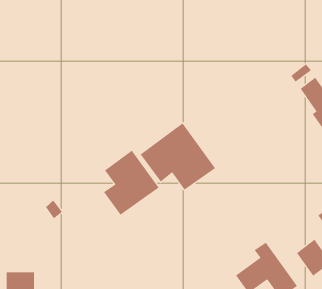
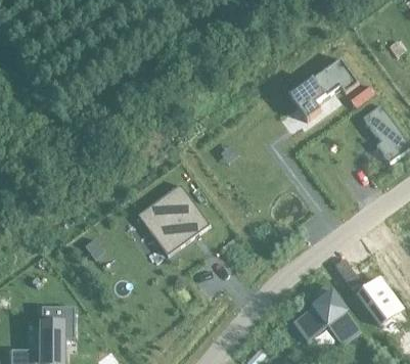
building: none -> [287,57,357,120]
building: [140,123,216,191] -> none

